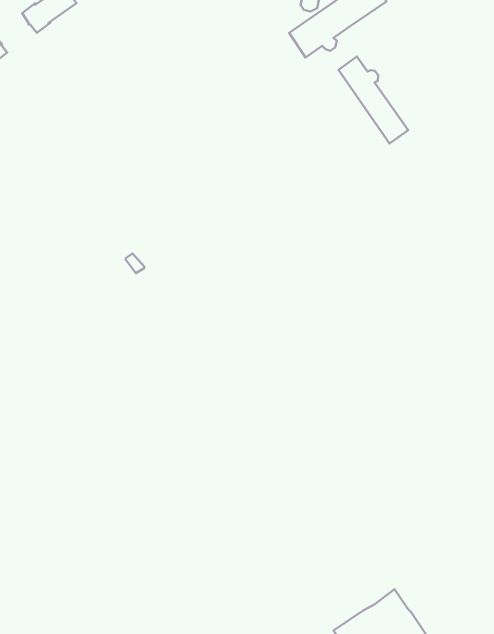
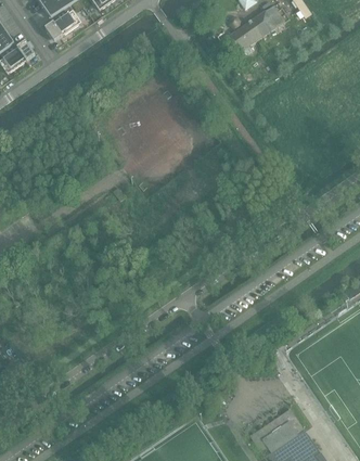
building: [338,57,408,144] -> none

